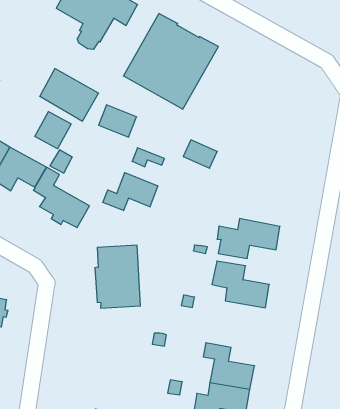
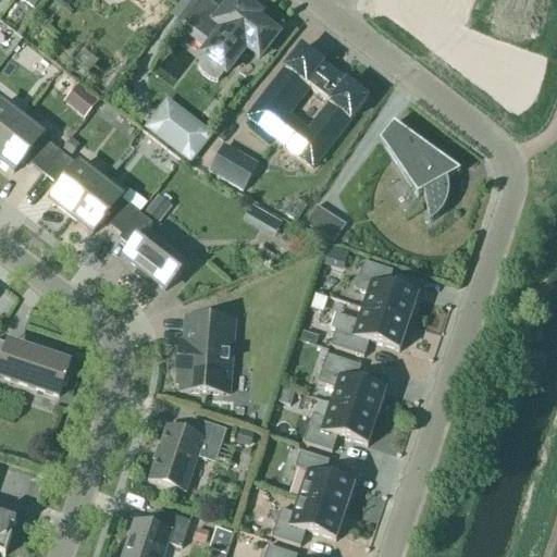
building: none -> [382,116,460,216]
building: [35,112,71,149] -> none
building: [103,173,158,211] -> none
building: none -> [355,256,419,319]
building: none -> [304,398,377,446]
building: none -> [150,413,226,486]

